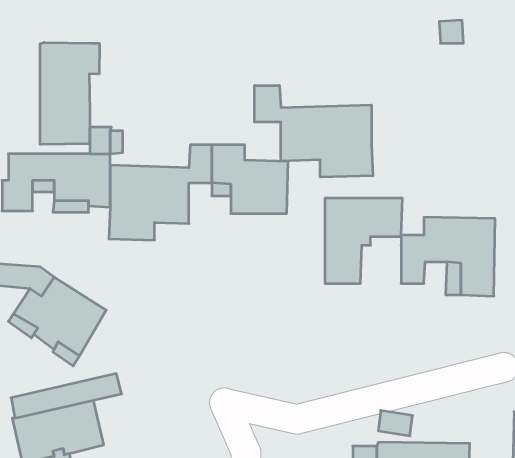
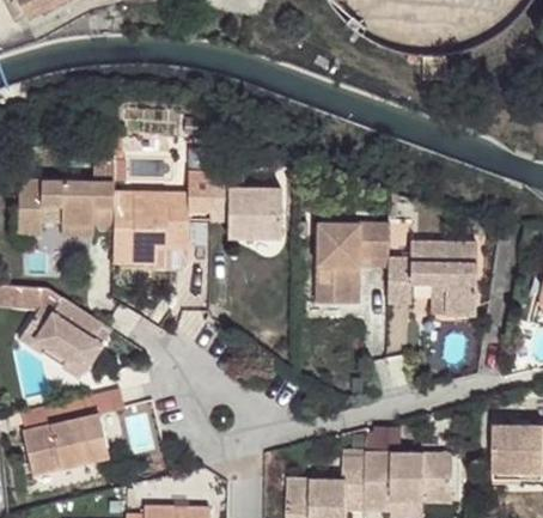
building: [40,42,99,144] -> none
building: [255,85,373,177] -> none

